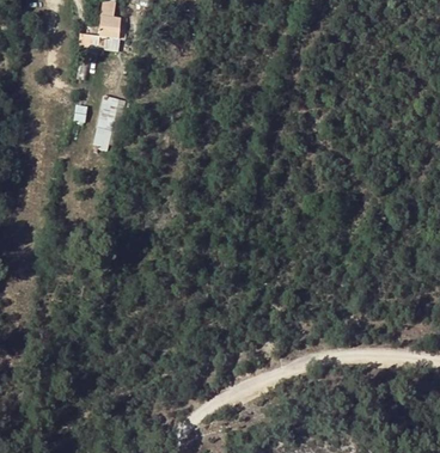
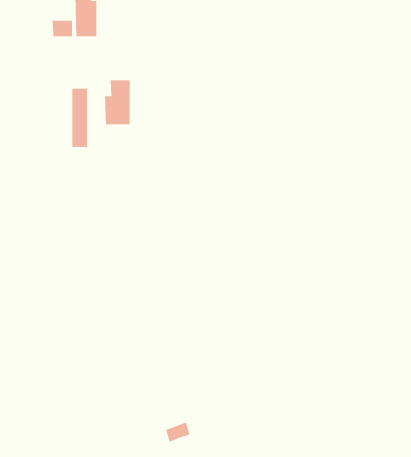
building: none -> [104,79,130,125]

